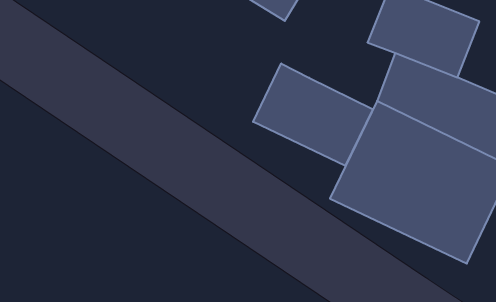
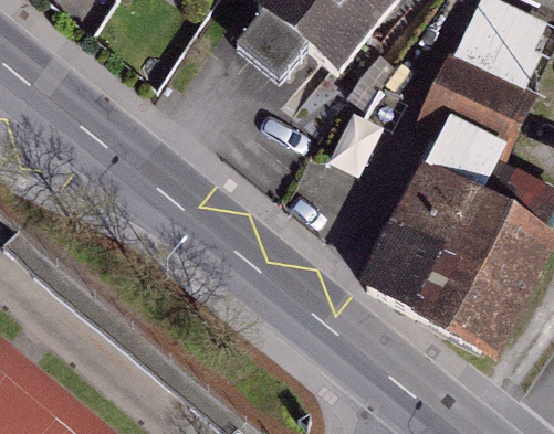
building: [253,63,373,166] -> none

